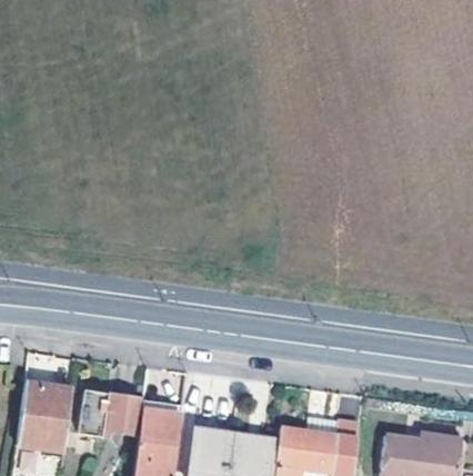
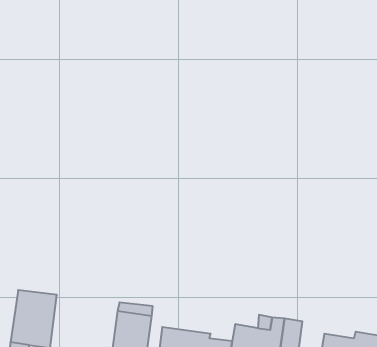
building: [81,389,139,436] -> none

